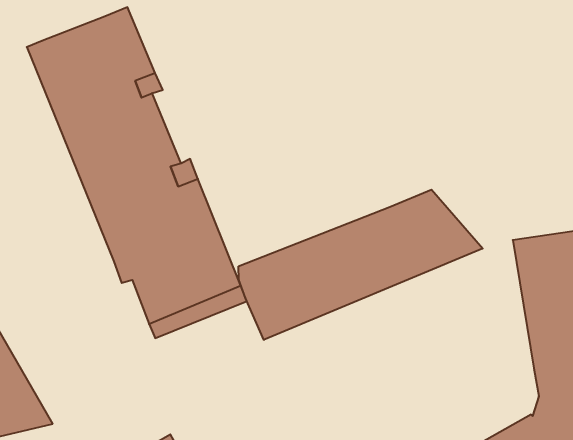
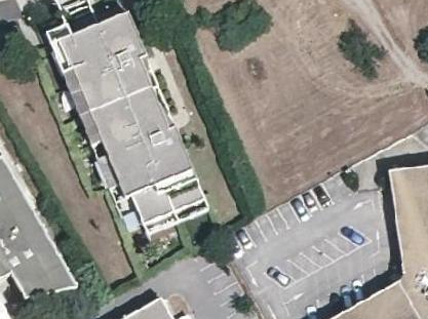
building: none -> [47,22,119,184]
building: [239,190,483,340] -> none

